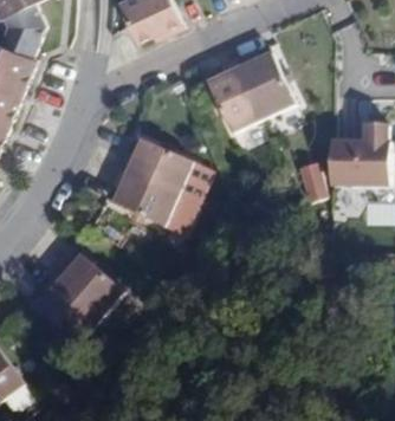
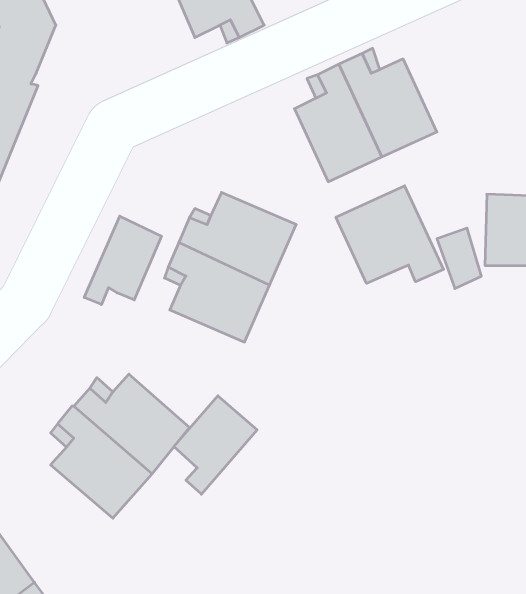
building: none -> [336,186,444,283]
building: none -> [84,216,161,305]
building: none -> [174,396,257,494]

